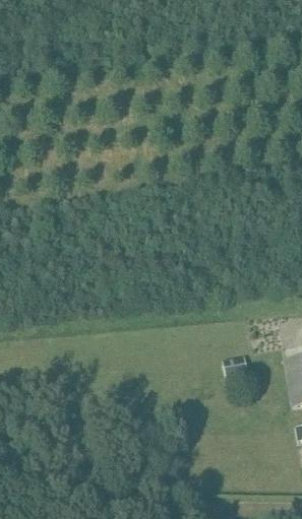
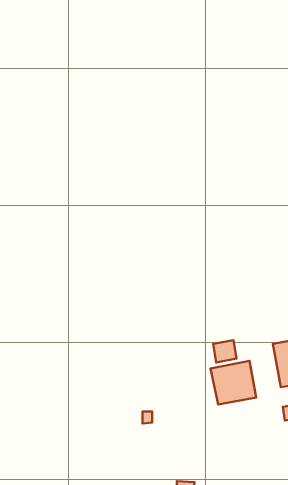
building: none -> [211,361,256,405]

